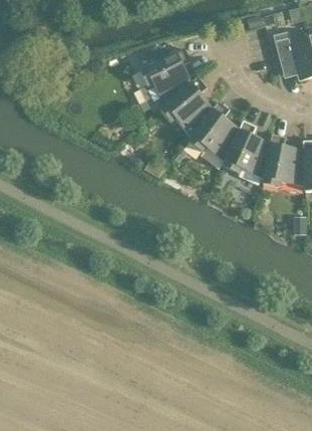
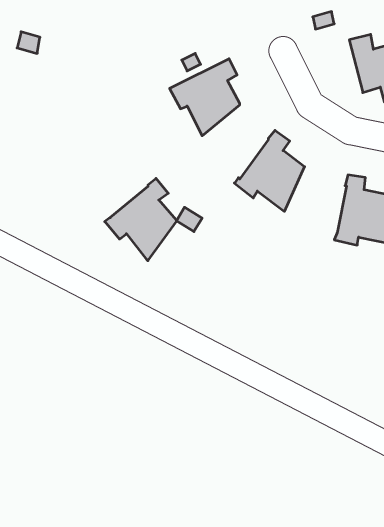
building: [160,76,213,138] -> [105,178,176,261]
building: [223,121,271,178] -> none

